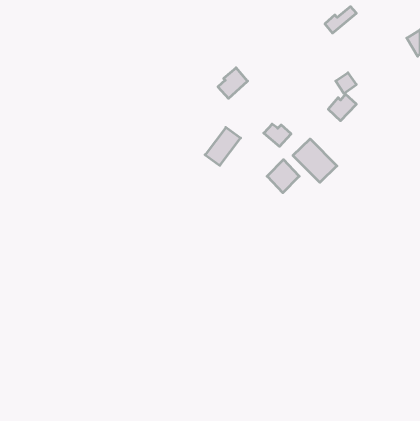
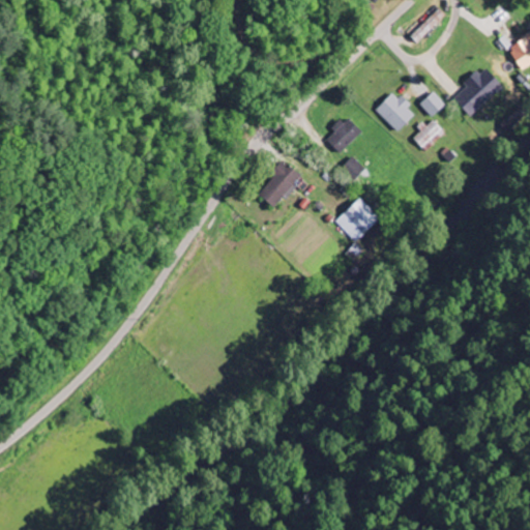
building: none -> [454,67,501,114]
building: [218,68,248,98] -> [326,115,363,153]
building: none -> [376,89,414,131]
building: [293,139,337,182] -> none

